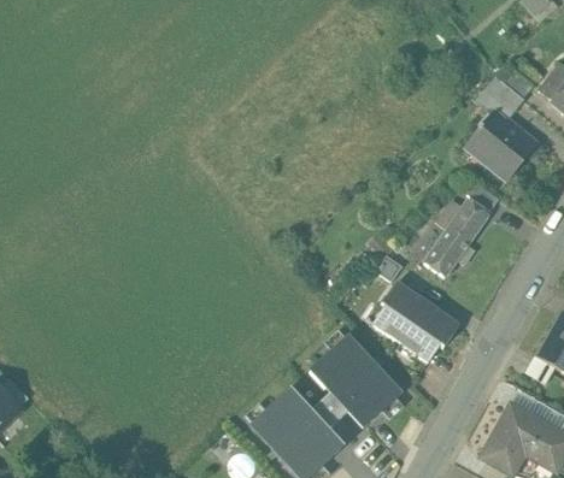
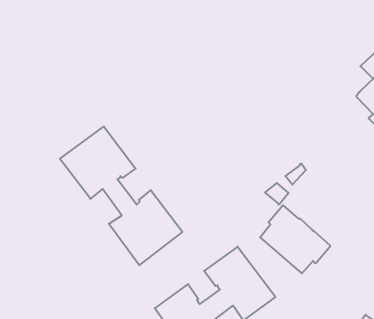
building: [424,200,488,277] -> none
building: none -> [60,127,182,265]

